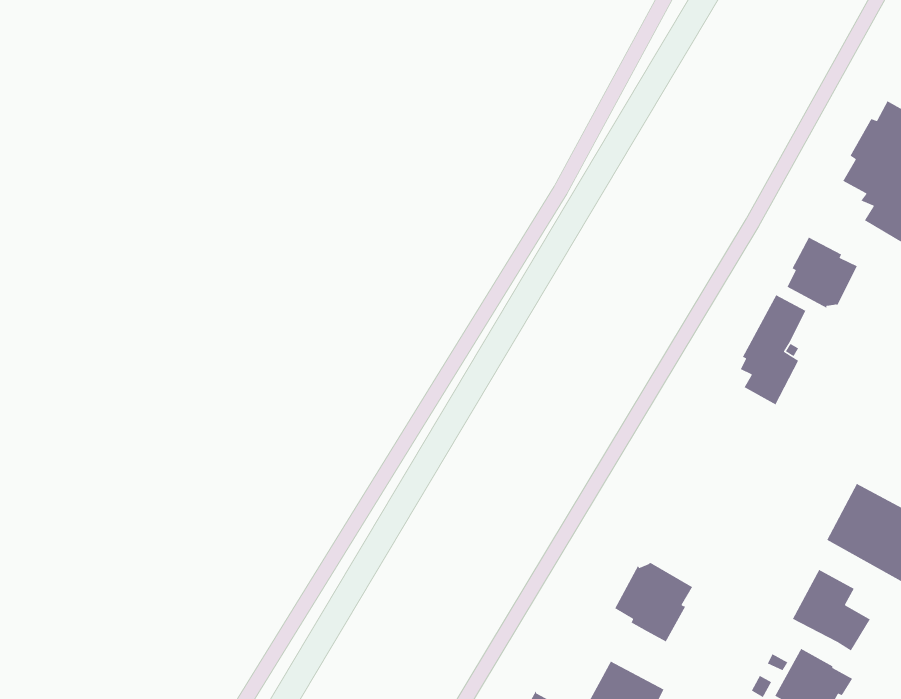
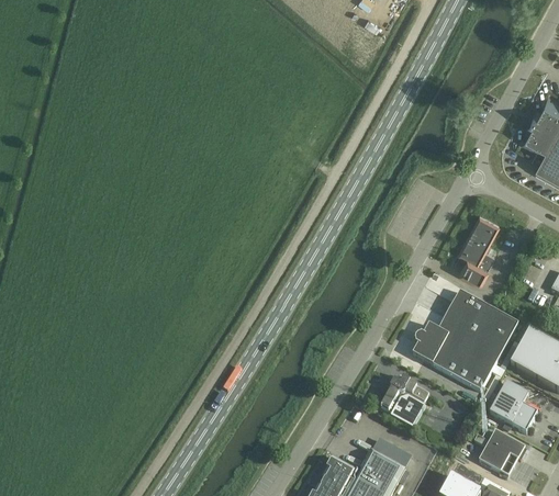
building: [787,236,858,309] -> none
building: none -> [413,290,518,390]

